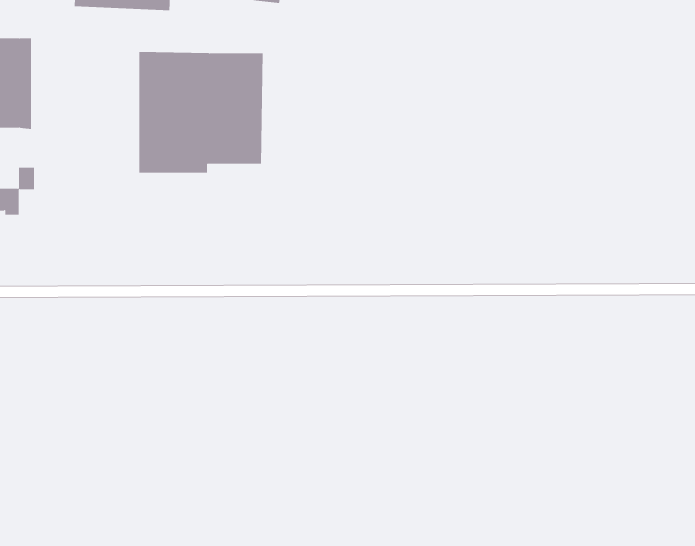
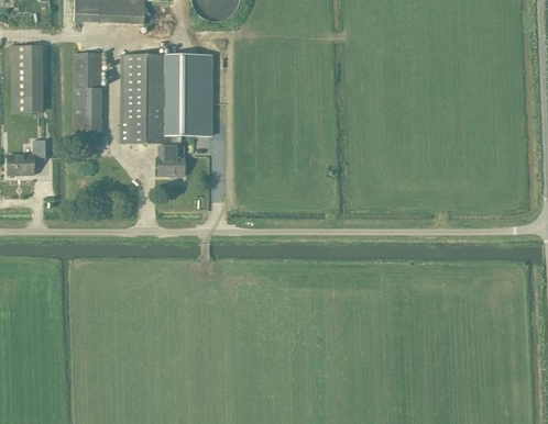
building: none -> [74,52,102,132]
building: none -> [158,143,185,175]

